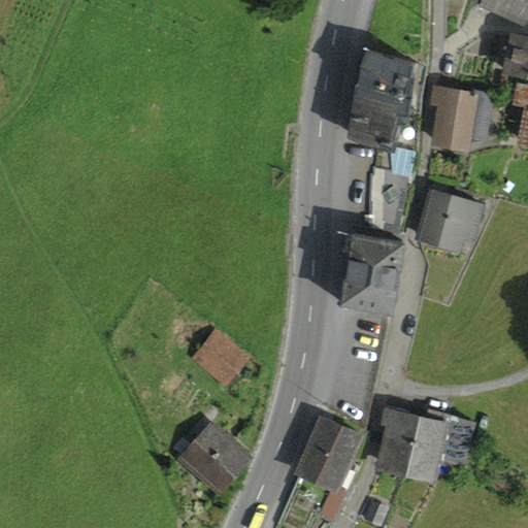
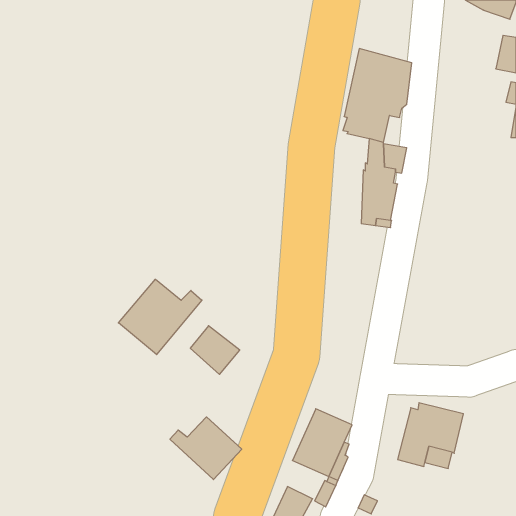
building: [433,88,491,145] -> none
building: [418,190,482,248] -> none
building: [340,234,402,312] -> none
building: none -> [118,279,202,355]
building: [381,407,419,469] -> none

